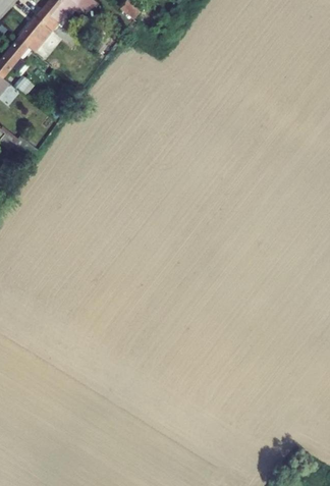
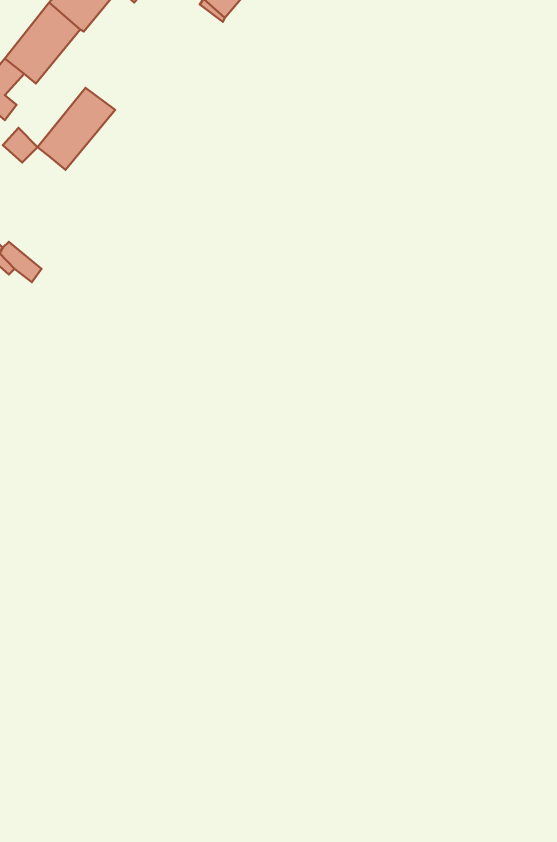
building: none -> [38,88,115,170]

